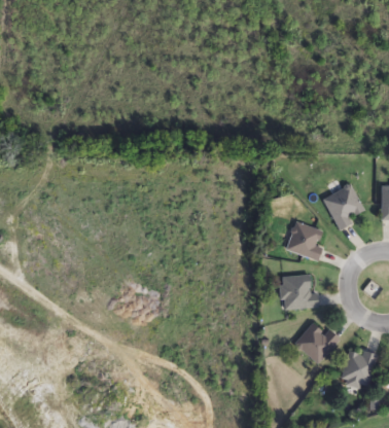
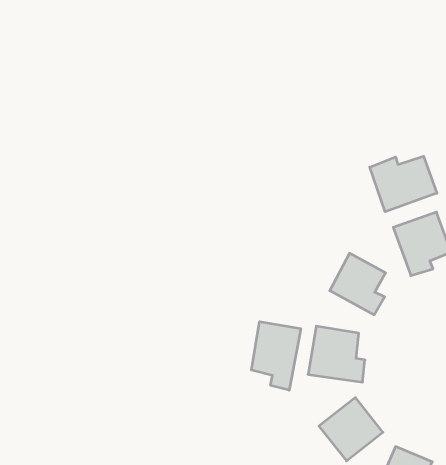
building: none -> [370,156,437,212]
building: none -> [251,322,301,390]

